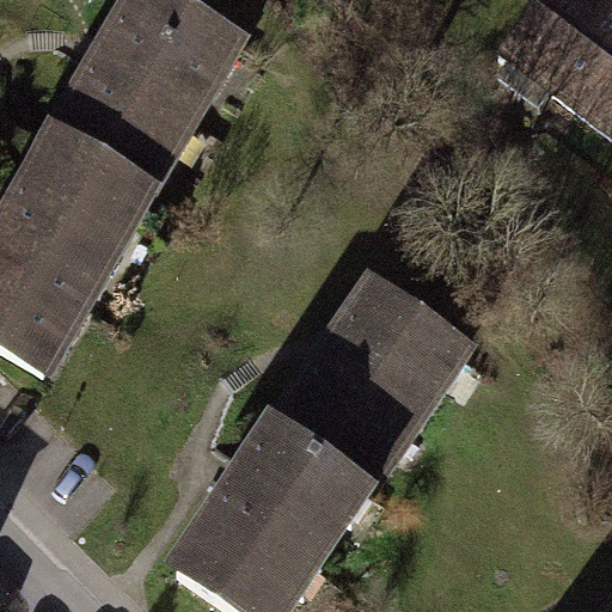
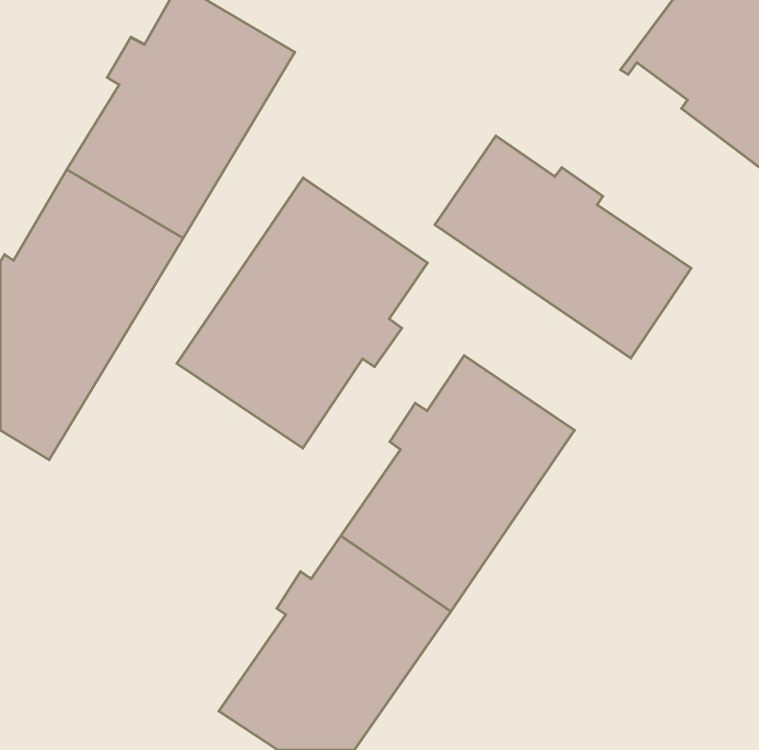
building: none -> [435,136,691,358]
building: none -> [177,178,428,448]

